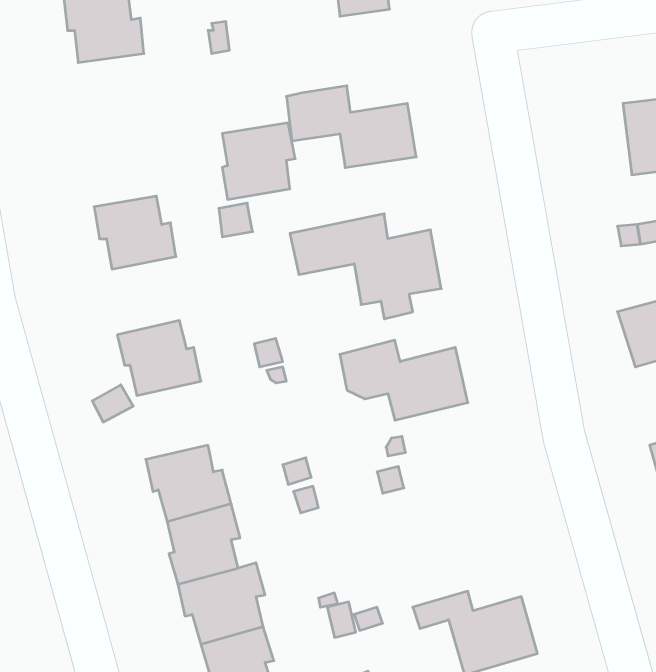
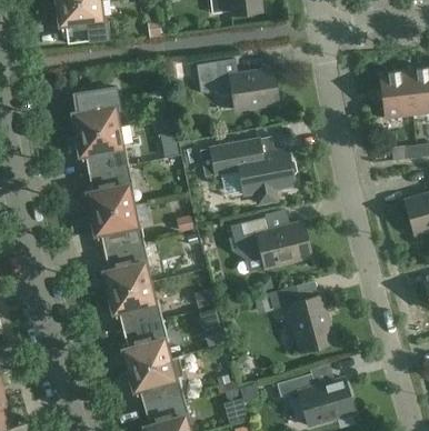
building: none -> [378,70,412,119]
building: [222,123,295,199] -> [73,87,119,134]
building: none -> [87,166,132,214]
building: none -> [103,243,149,292]
building: none -> [268,287,333,352]

